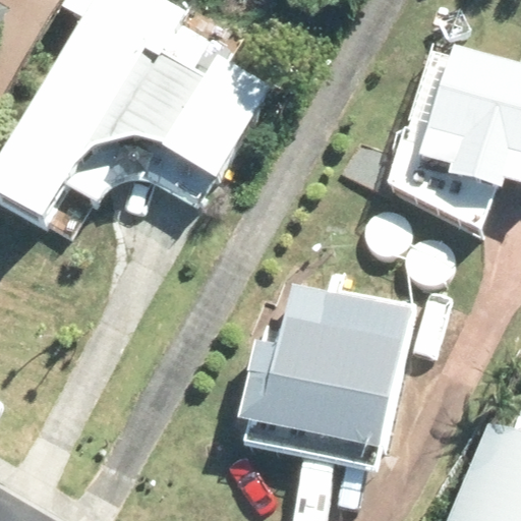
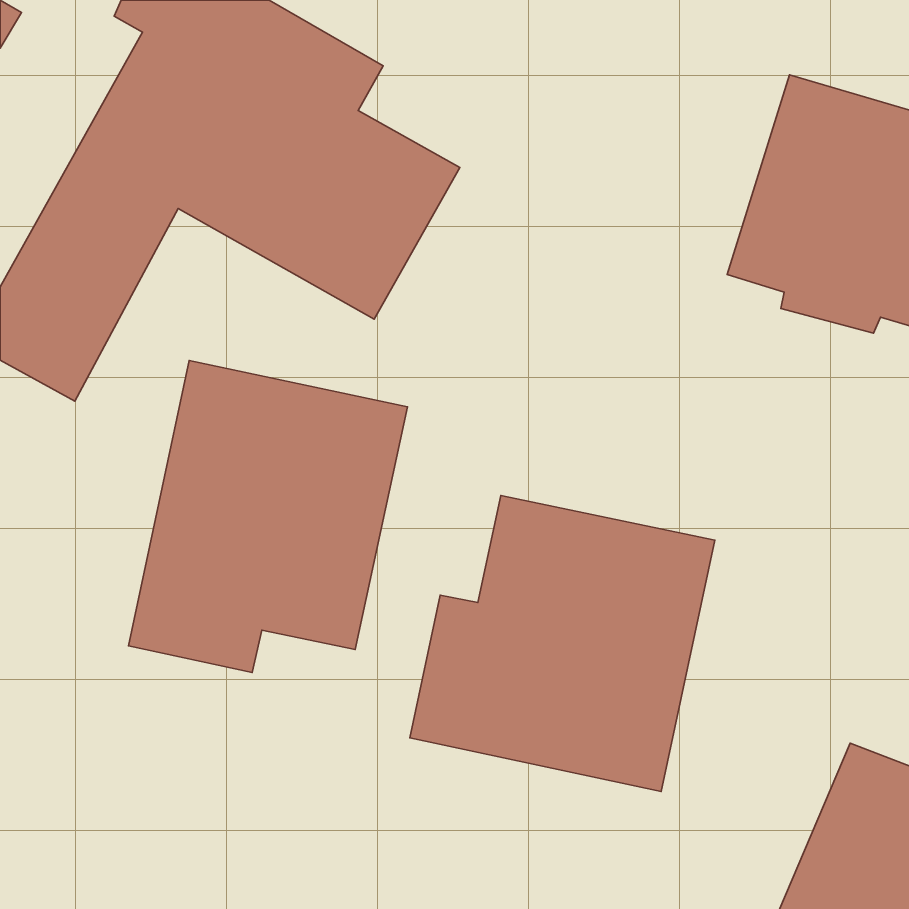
building: none -> [128,360,408,672]

